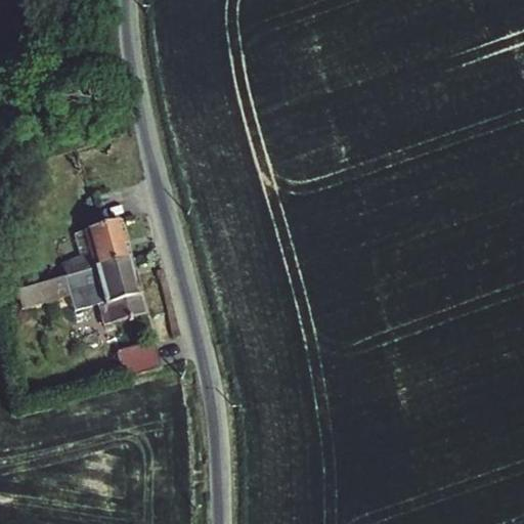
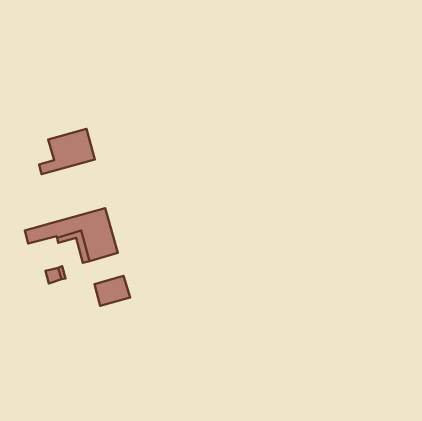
building: [61,219,130,275] -> [39,129,95,174]

